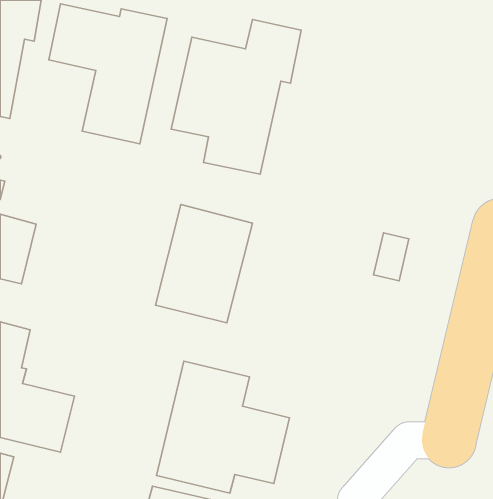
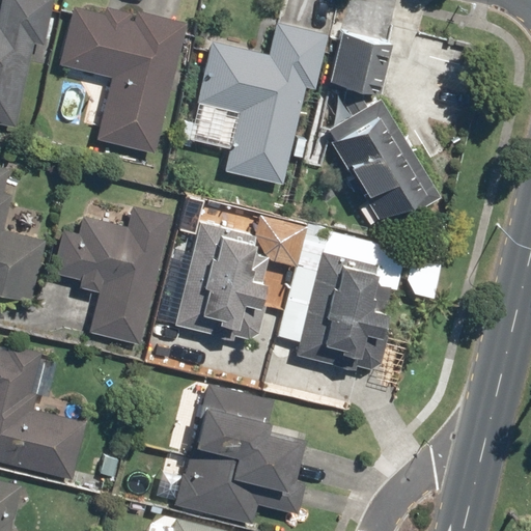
building: none -> [324,32,437,232]
building: none -> [52,205,172,345]
building: none -> [280,222,408,375]

